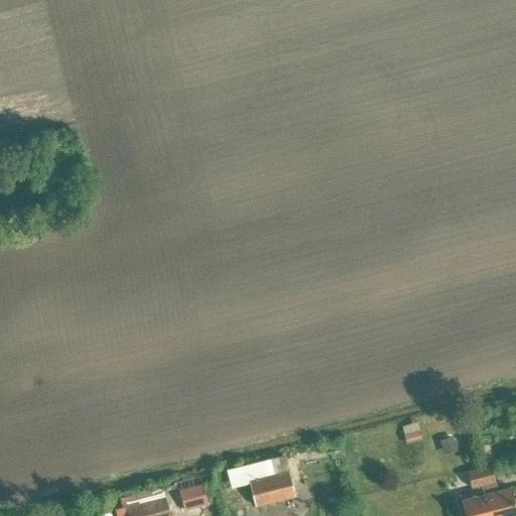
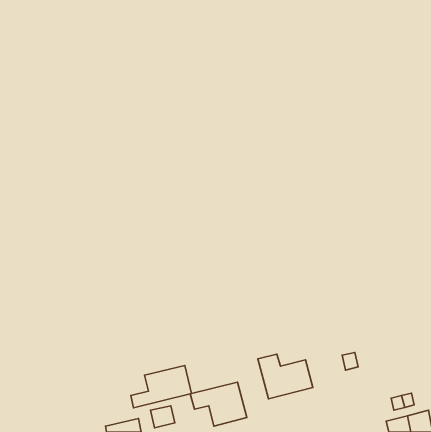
building: none -> [258,354,313,399]
building: none -> [131,365,191,408]

